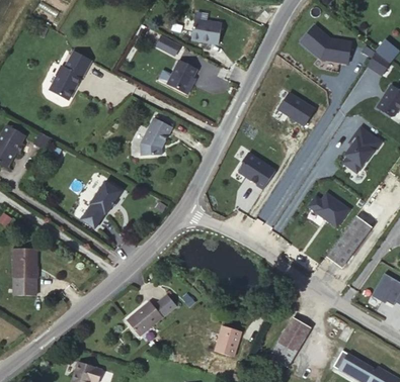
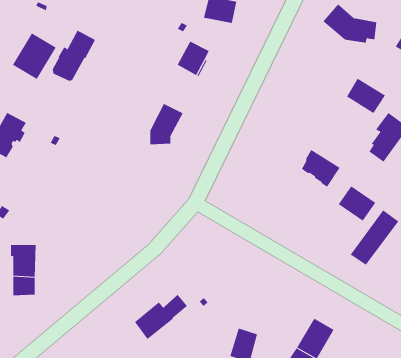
building: none -> [12,33,56,80]
building: [279,92,316,125] -> [346,78,386,114]
building: [240,153,276,188] -> [301,149,341,188]
building: [81,180,122,227] -> none

